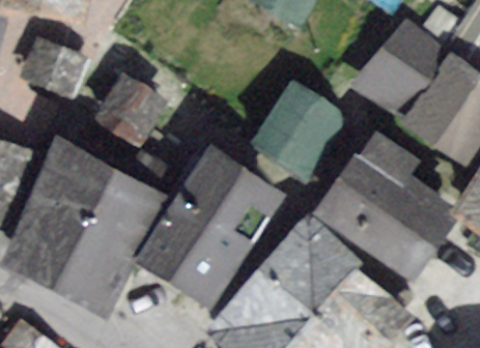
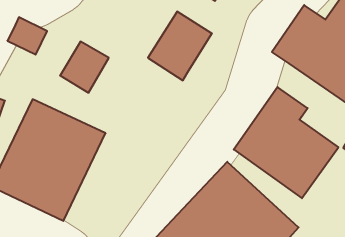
building: [255,84,337,172] -> [148,12,212,80]
building: [143,152,276,299] -> none

